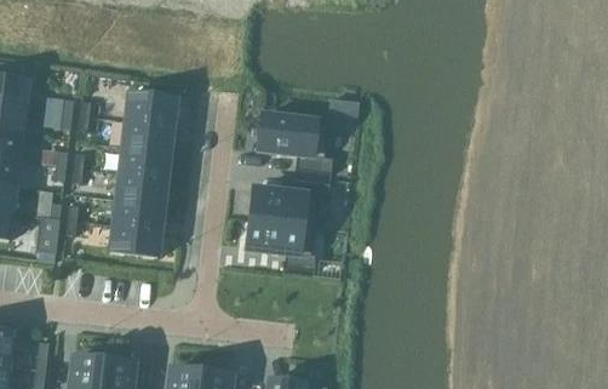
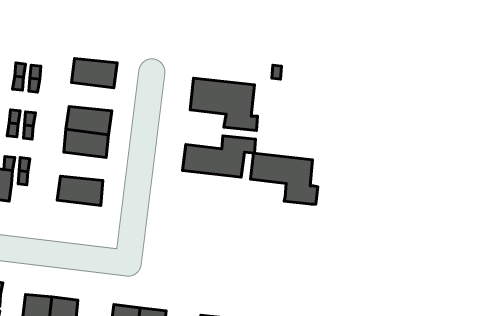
building: [122,116,172,148] -> none
building: [113,194,164,225] -> none
building: [245,214,320,271] -> [250,153,318,204]

